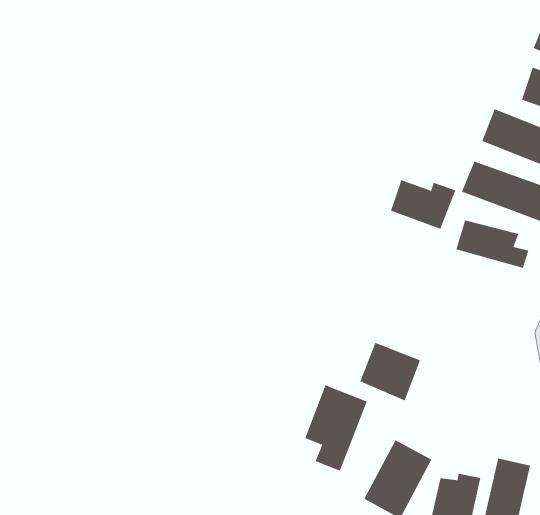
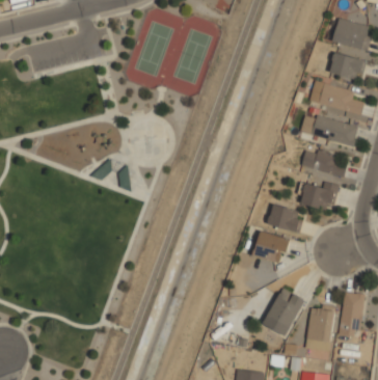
building: [390,180,456,229] -> [300,182,339,210]
building: none -> [267,203,301,233]
building: [304,385,368,471] -> none

